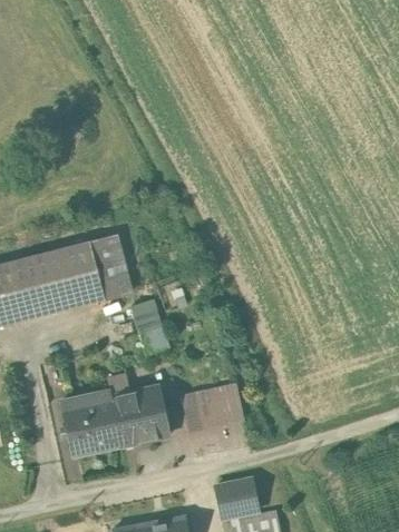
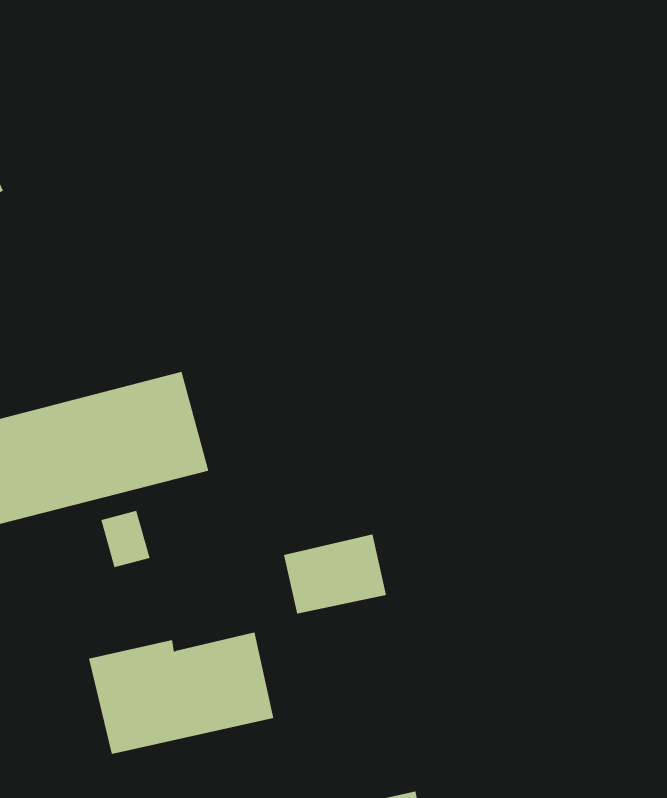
building: [132,302,160,335] -> [101,510,150,568]
building: [183,385,243,432] -> [283,534,387,614]

